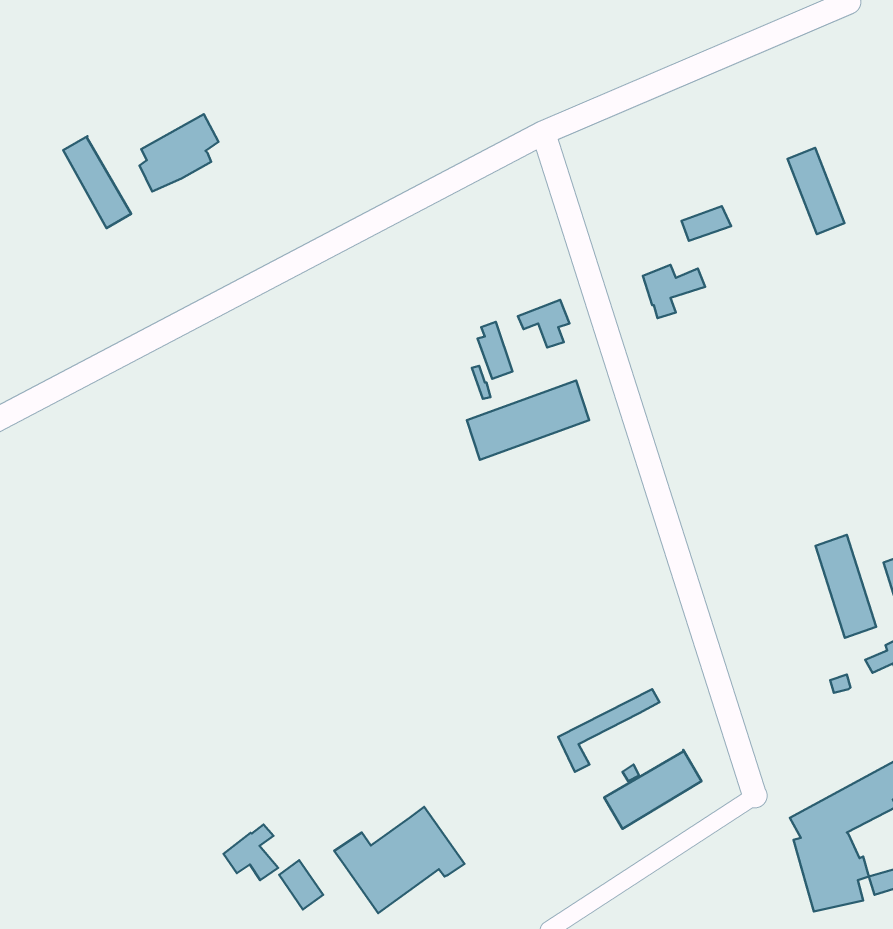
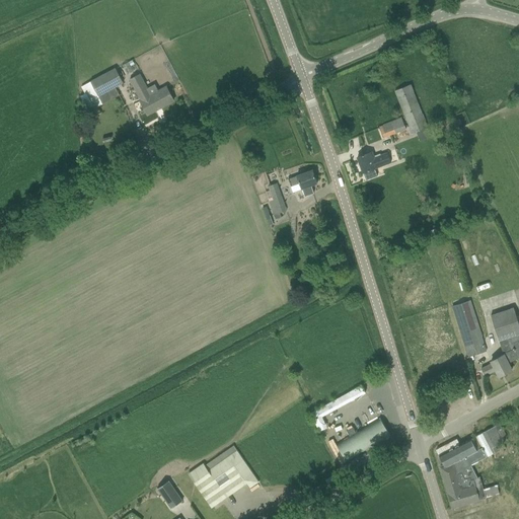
building: none -> [129,73,174,115]
building: [63,136,131,228] -> none
building: [788,148,845,234] -> [395,84,427,132]
building: [467,380,589,460] -> none
building: [224,824,278,880] -> none

